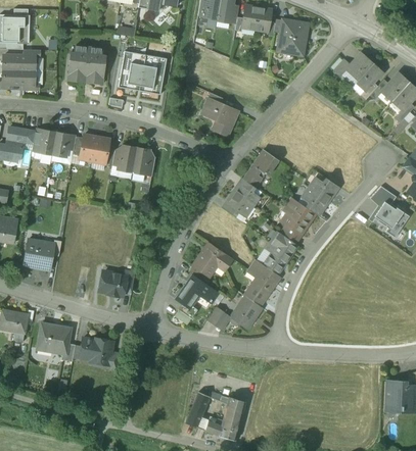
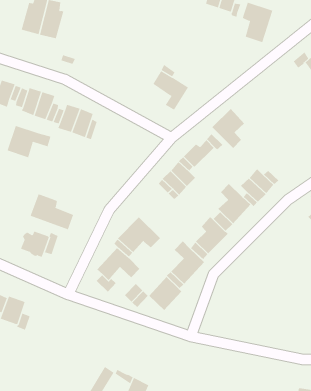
building: [119,51,167,94] -> none
building: none -> [212,108,245,149]
building: none -> [7,125,51,158]
building: none -> [30,193,74,230]

